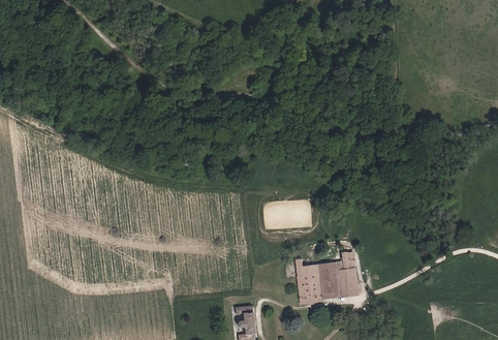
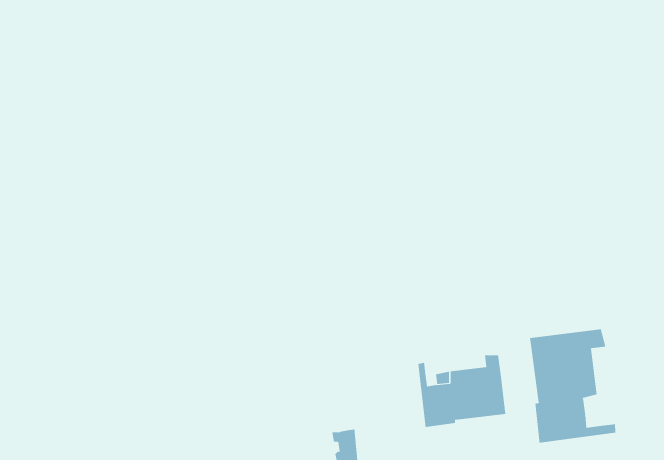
building: none -> [530,329,616,444]

